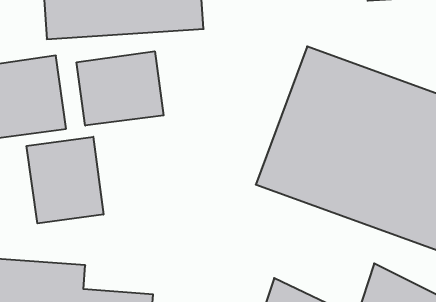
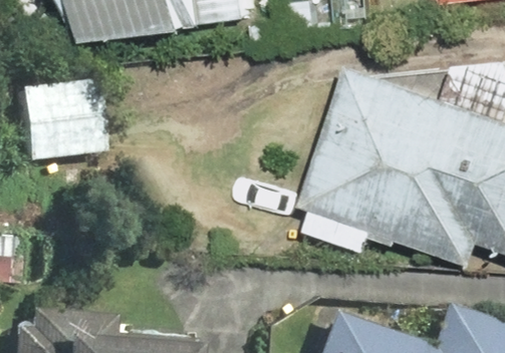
building: [77,51,164,126] -> none
building: [27,137,103,223] -> none

